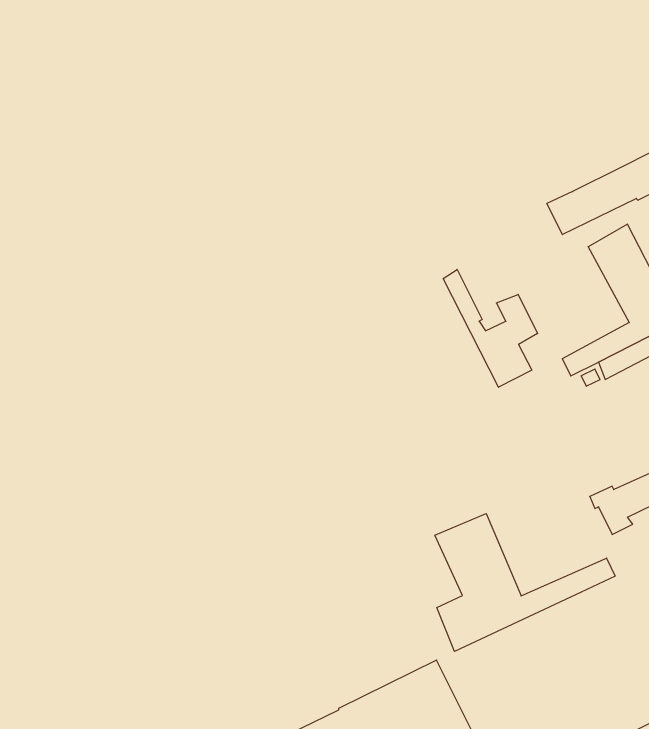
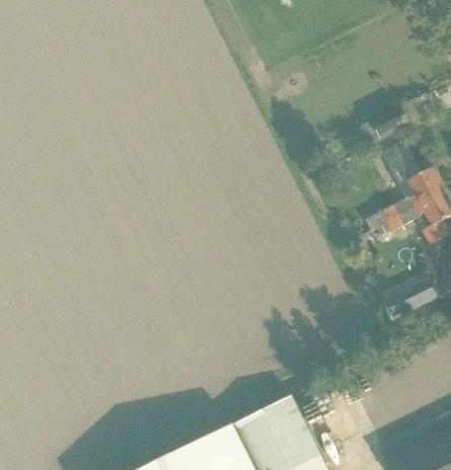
building: [443,269,538,387] -> none
building: [435,514,615,651] -> none

